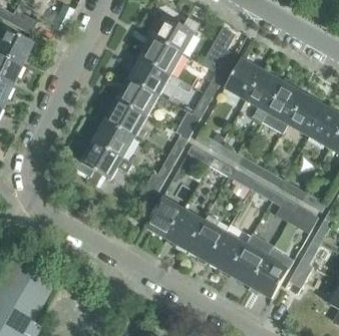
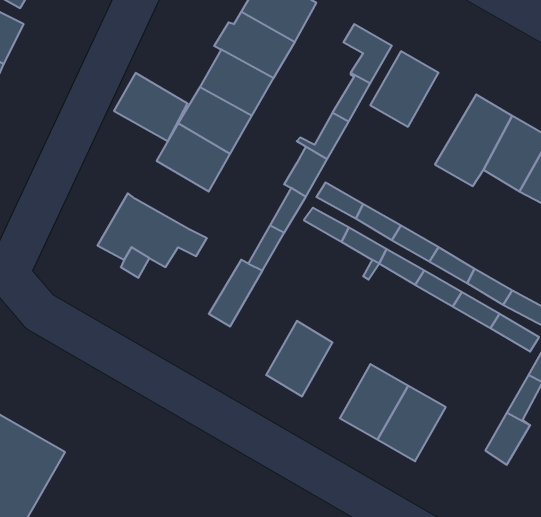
building: [247,70,285,121] -> none
building: [94,119,135,157] -> [114,73,188,141]
building: [145,197,185,239] -> none
building: [188,215,226,263] -> none
building: [251,248,294,299] -> none

